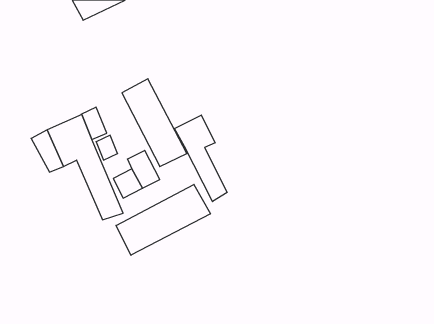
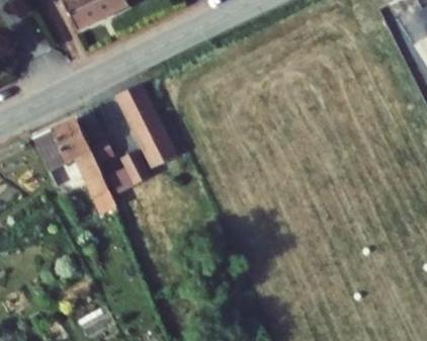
building: [175,115,227,202] -> none
building: [116,184,210,255] -> none

